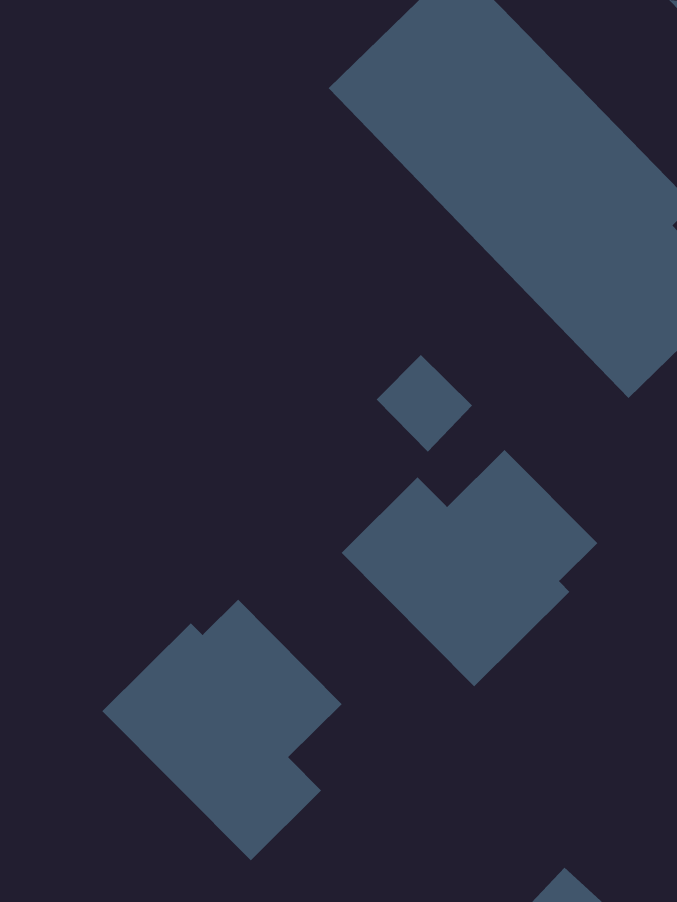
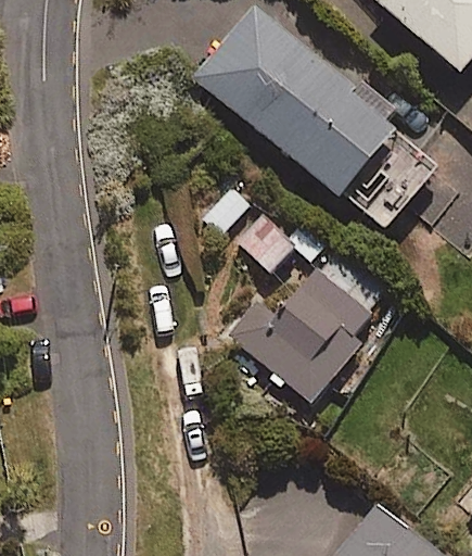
building: [102,599,342,861] -> none

